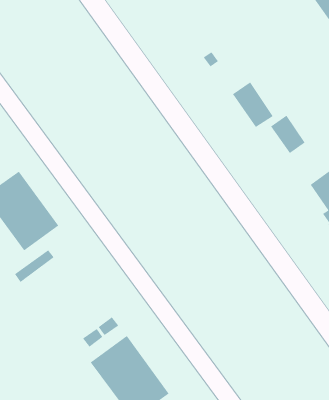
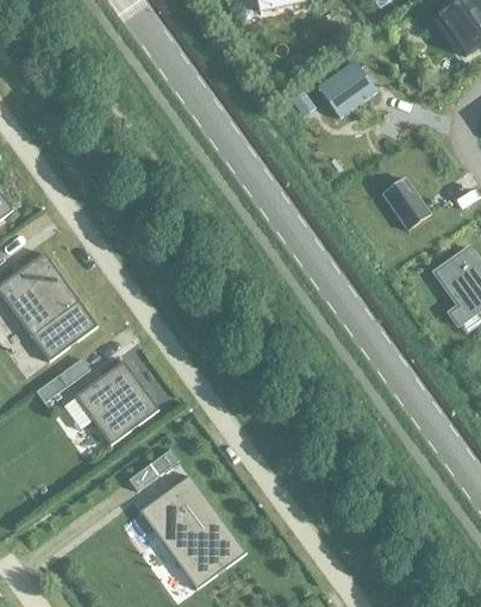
building: none -> [327,60,376,109]
building: [232,82,273,128] -> none
building: none -> [62,361,158,445]

